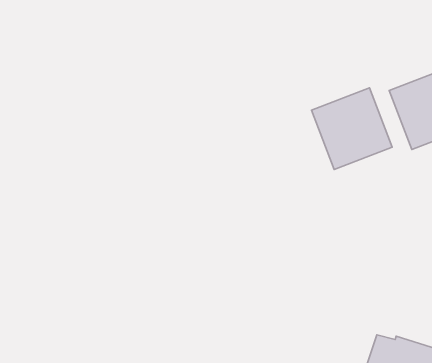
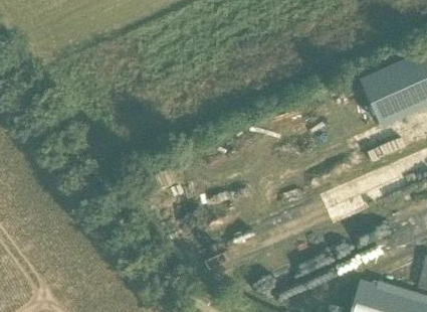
building: [312,88,392,169] -> none

